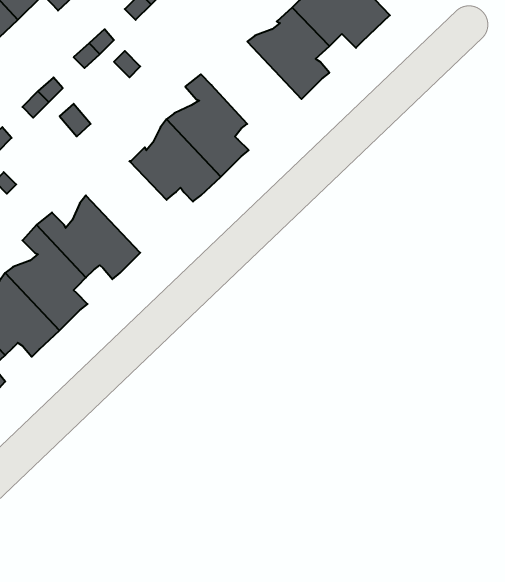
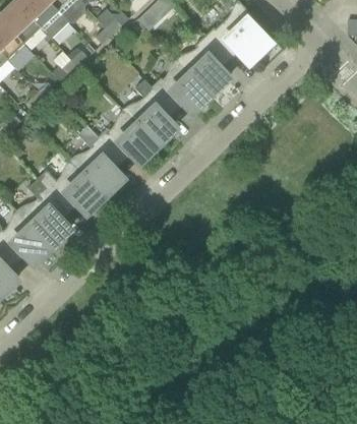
building: none -> [153,59,212,114]
building: none -> [70,137,124,197]

